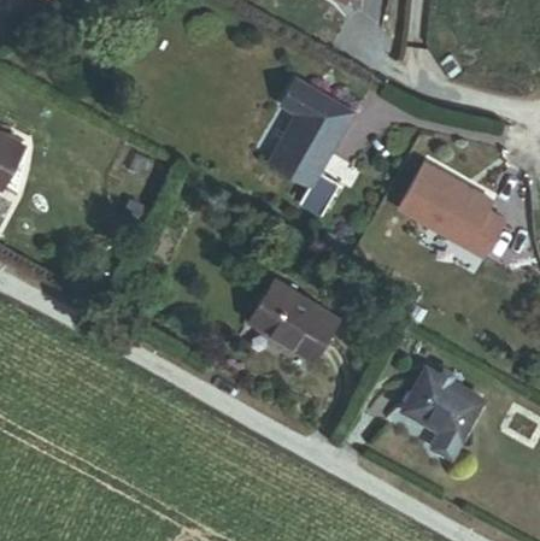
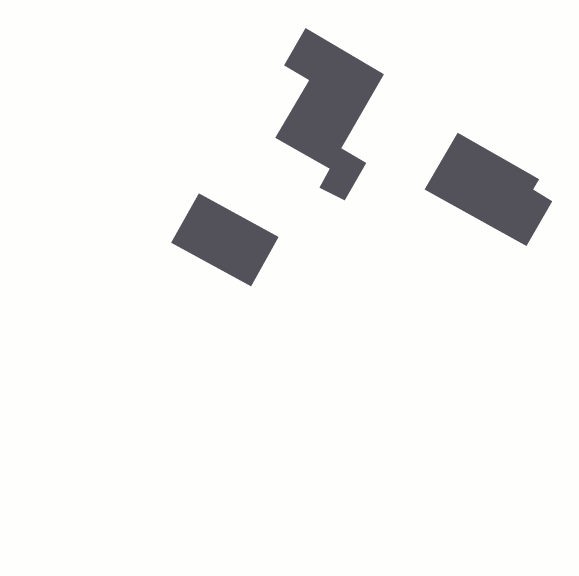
building: [250,275,339,352] -> [170,193,280,287]
building: [404,370,482,457] -> none

